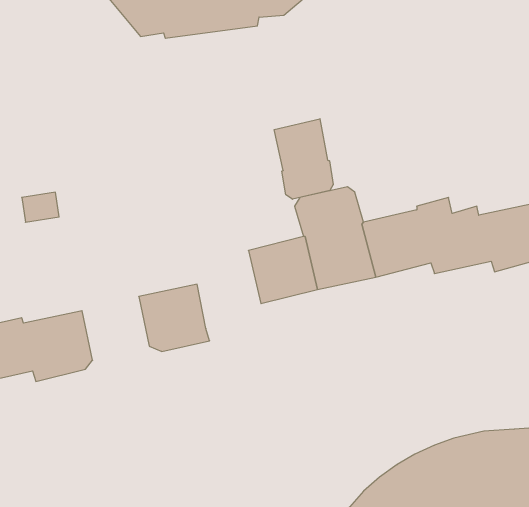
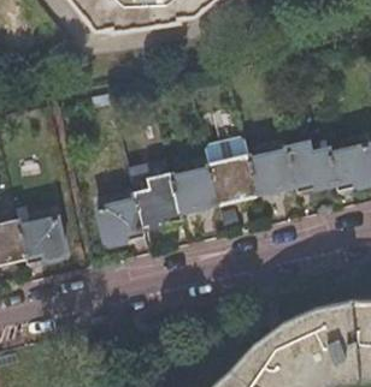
building: [274,119,333,199] -> none
building: none -> [135,172,183,228]

